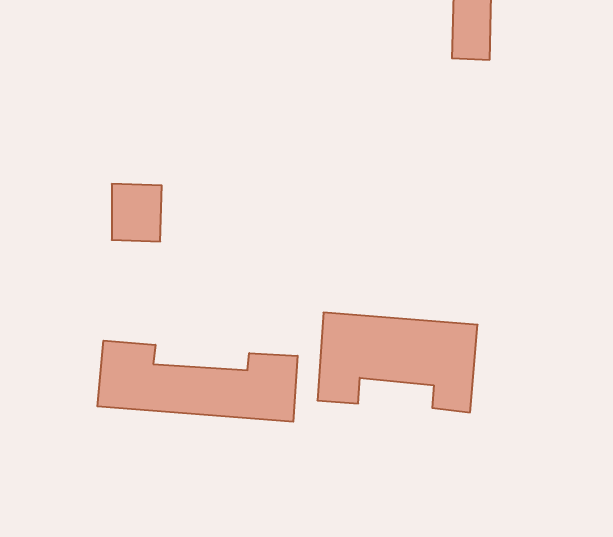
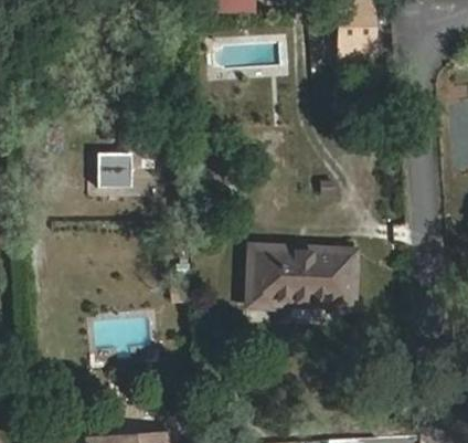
building: [97,341,298,422] -> none

